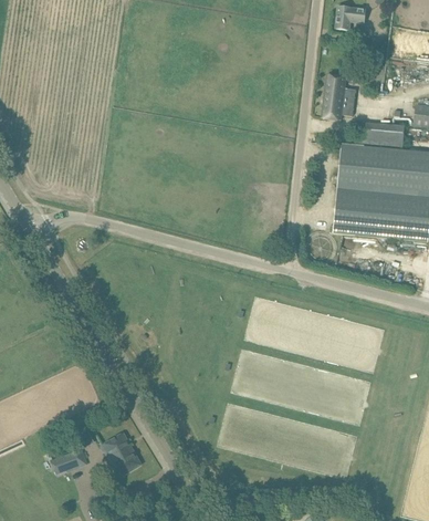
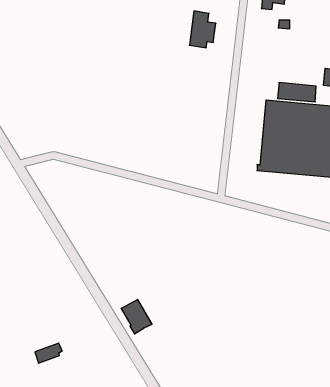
building: [321,74,354,121] -> [189,11,216,48]
building: [102,434,140,477] -> [121,300,152,334]

